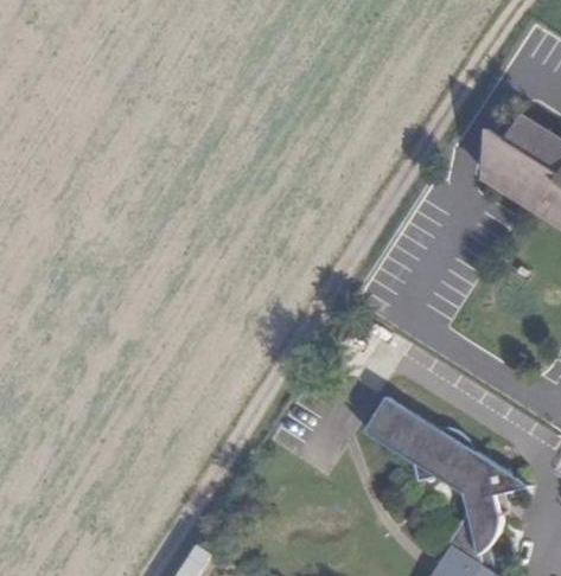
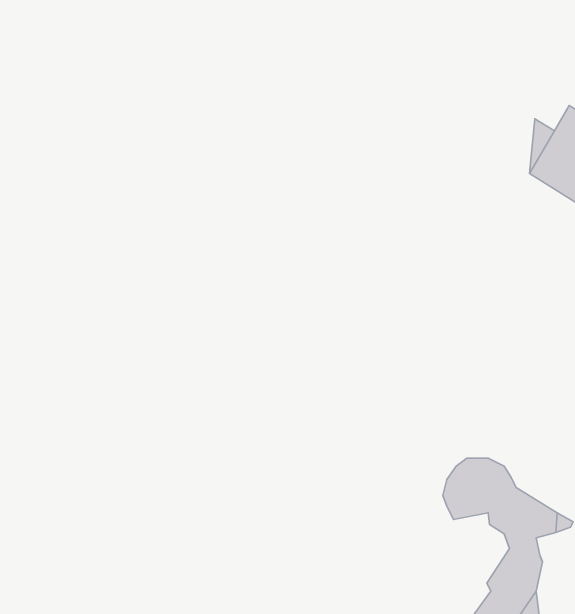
building: [366,399,431,462] -> none

